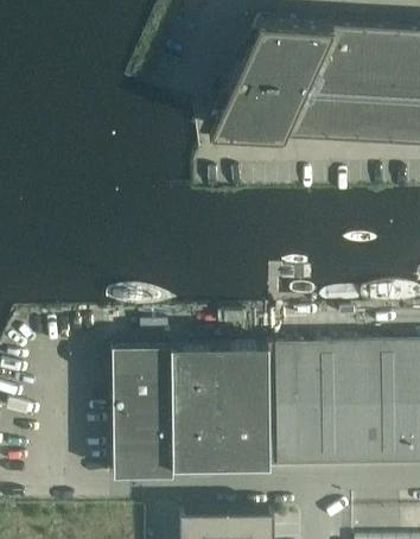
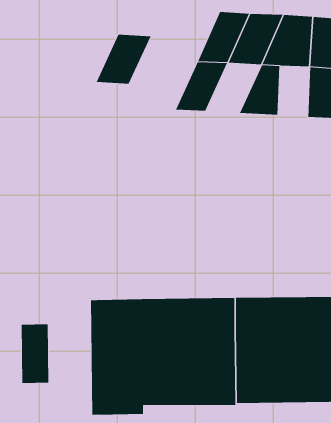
building: [242,78,305,135] -> [96,34,151,84]
building: [324,82,359,140] -> none
building: none -> [21,324,49,384]

